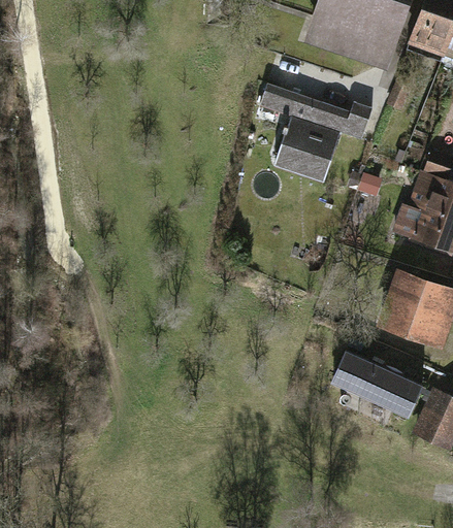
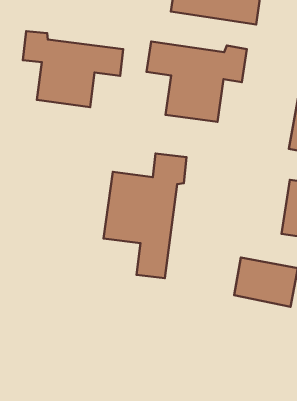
building: none -> [23,31,123,107]
building: none -> [104,154,186,278]

